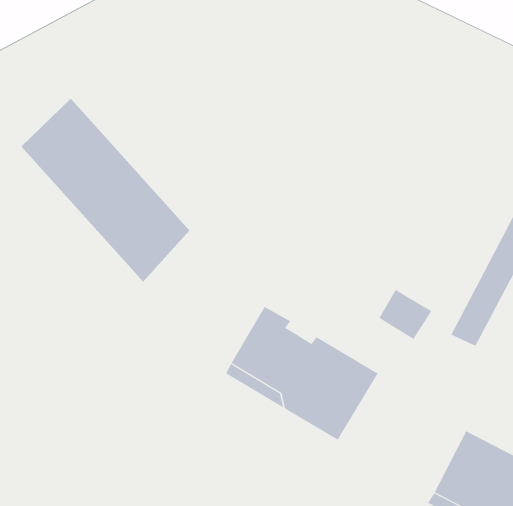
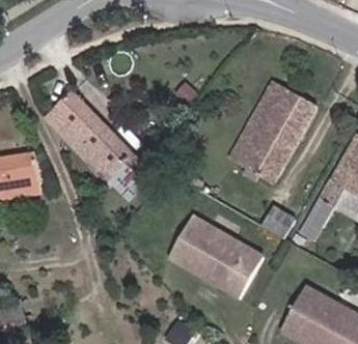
building: none -> [229,82,312,181]

